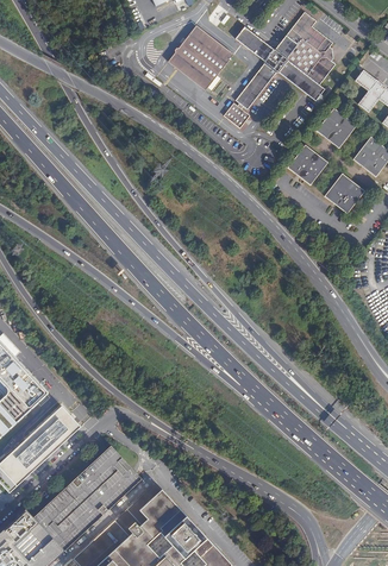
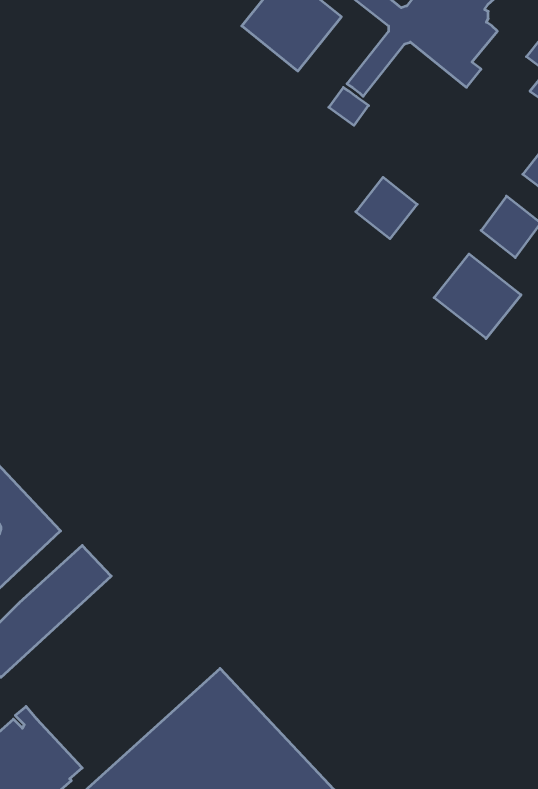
building: [314,108,355,149] -> none
building: [286,145,326,185] -> [356,177,417,239]
building: none -> [434,254,521,339]
building: [32,446,140,551] -> none

